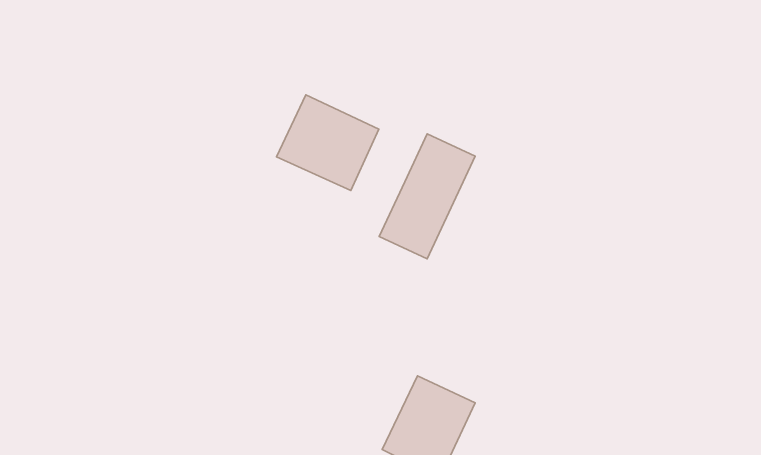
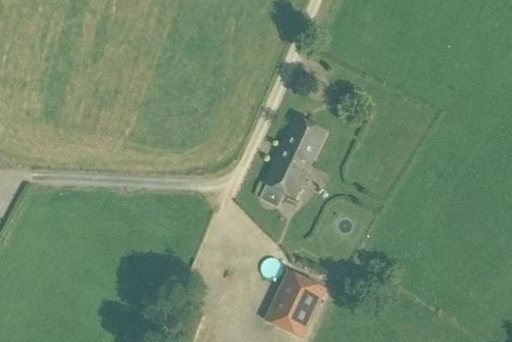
building: [277,95,379,190] -> none

